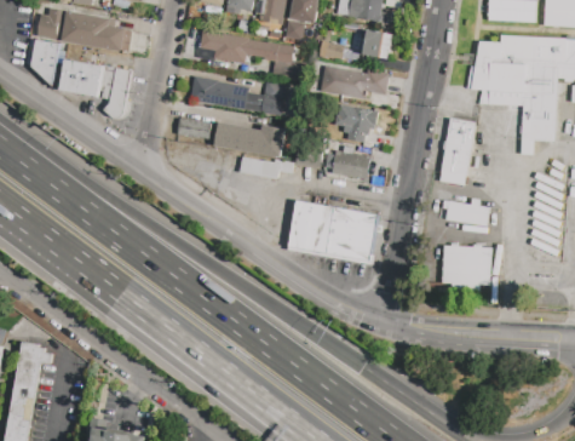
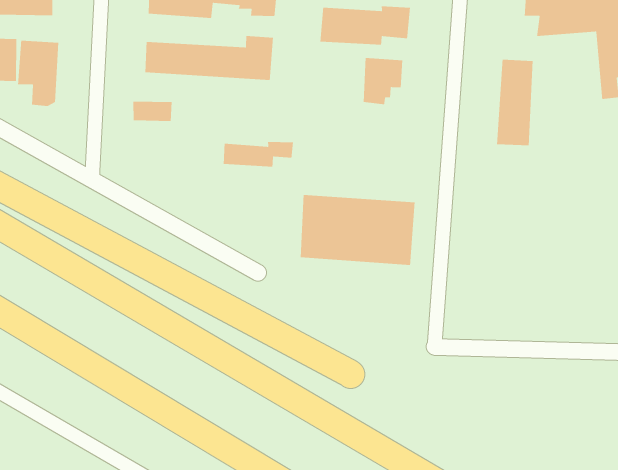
building: [212,121,283,158] -> none
building: [332,151,369,179] -> none
building: [439,199,488,225] -> none
building: [441,245,490,285] -> none

